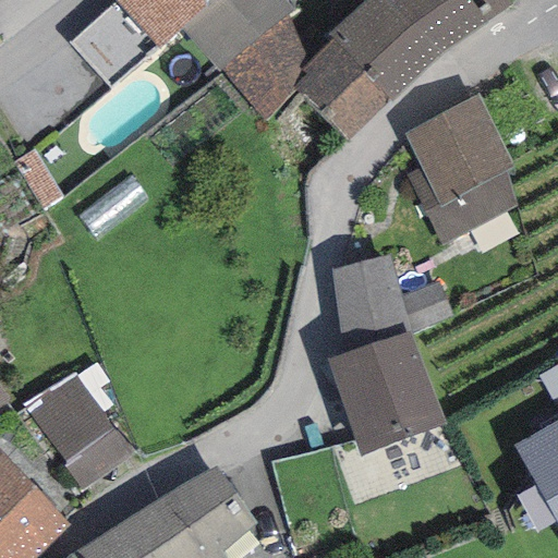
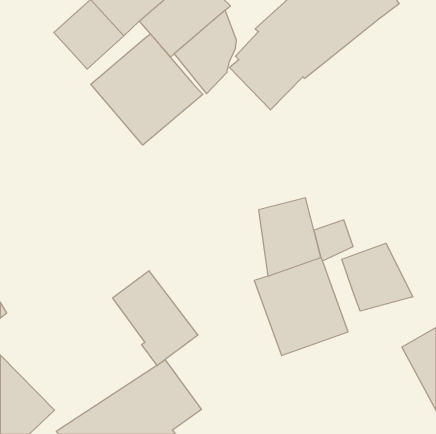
building: none -> [91,34,203,145]
building: [402,92,515,245] -> none
building: none -> [342,243,413,311]
building: [25,369,134,490] -> [113,271,198,365]

